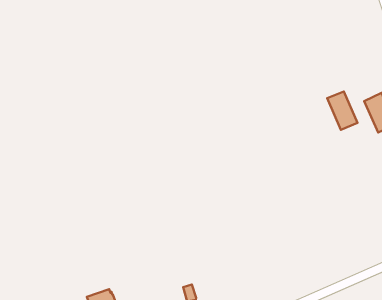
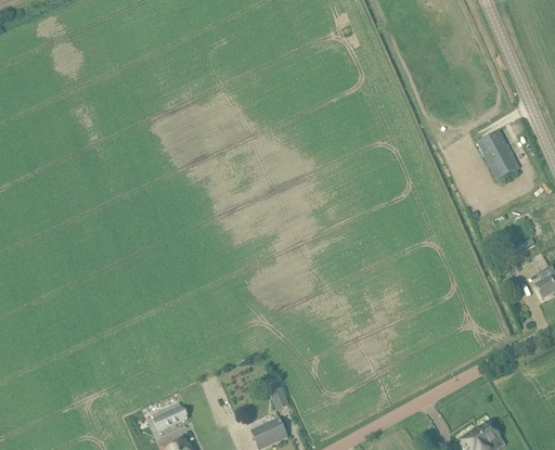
building: [327,91,358,130] -> none

